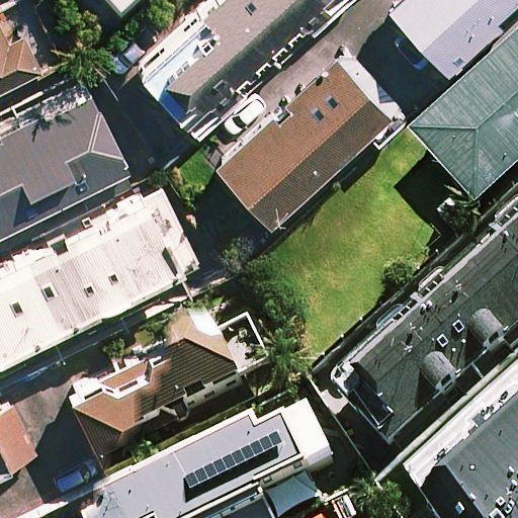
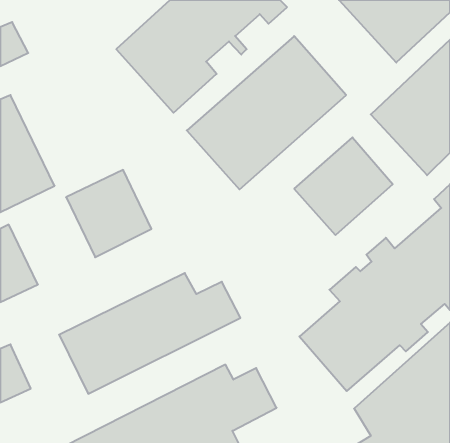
building: [12,86,127,222] -> none
building: none -> [294,137,393,235]
building: [10,235,109,335] -> none

